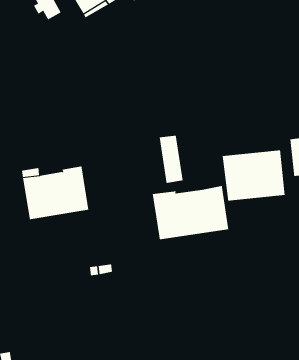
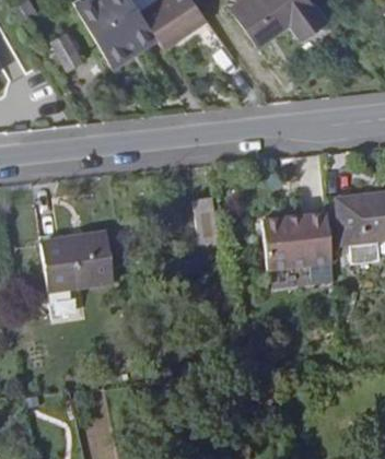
building: [152,185,229,240] -> none

